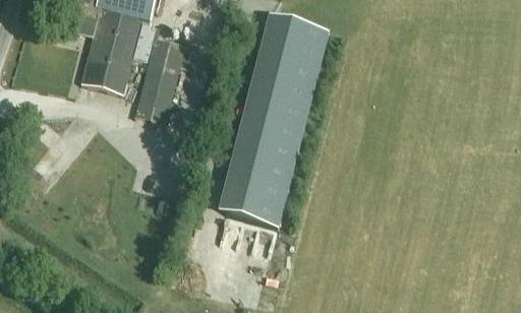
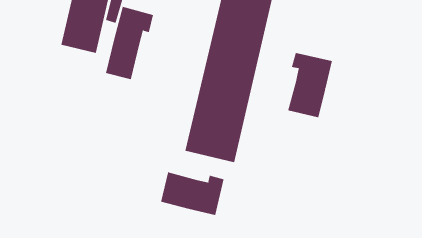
building: none -> [287,52,332,118]
building: none -> [160,171,224,216]

